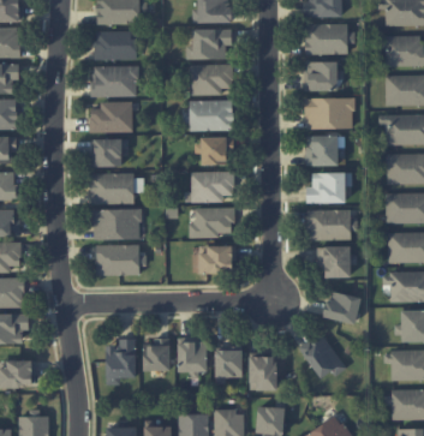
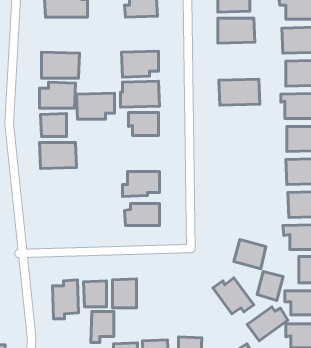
building: [186,29,232,59] -> none
building: [95,30,136,59] -> none
building: [305,61,339,90] -> none
building: [306,135,339,166] -> none
building: [189,171,234,202] -> [77,93,115,119]
building: [306,173,352,203] -> none
building: [94,208,142,239] -> none
building: [306,209,351,240] -> none
building: [96,244,144,275] -> none
building: [317,246,353,277] -> none
building: none -> [257,271,283,301]
building: [215,347,243,384] -> [91,311,114,342]
building: [249,356,276,390] -> none
building: none -> [247,307,288,341]

